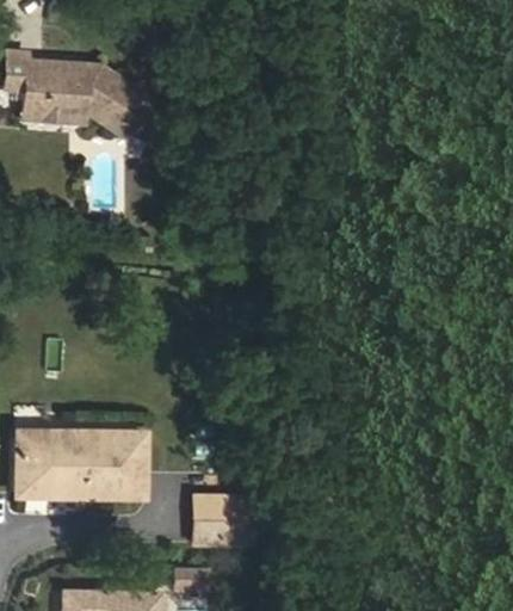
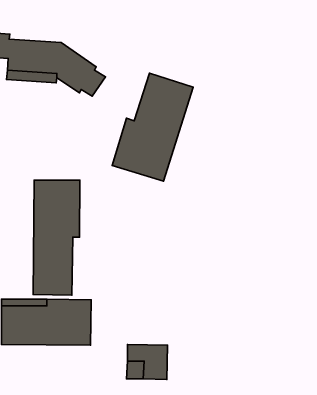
building: none -> [112,73,193,181]
building: none -> [33,180,80,295]

